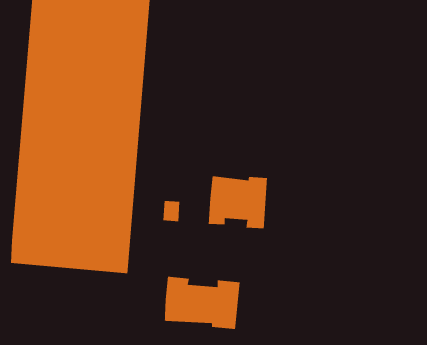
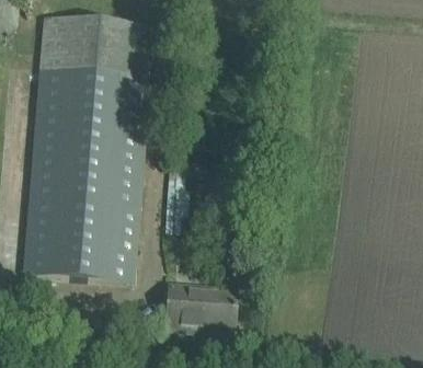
building: [208,173,268,229] -> none

